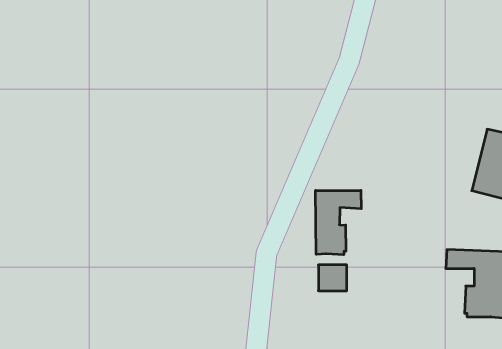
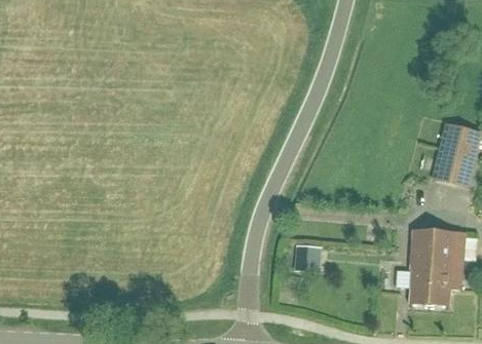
building: [316,190,361,255] -> none
building: none -> [409,245,449,306]

